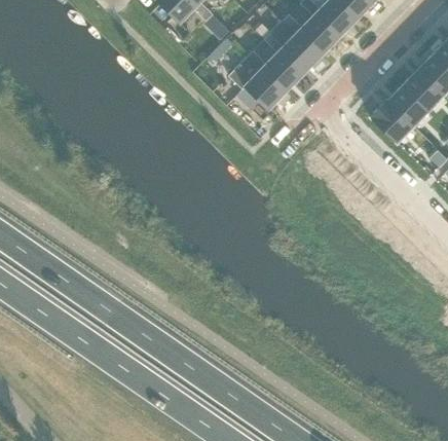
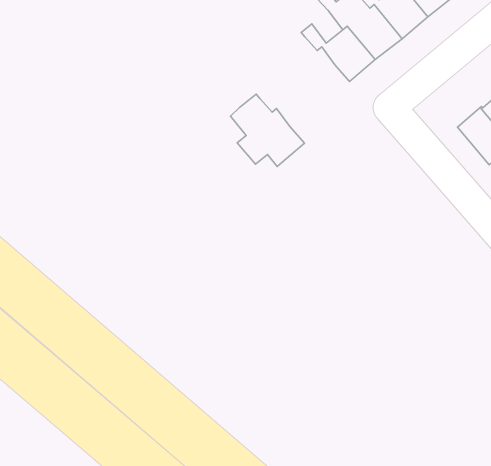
building: [229,57,287,109] -> [230,94,304,166]

